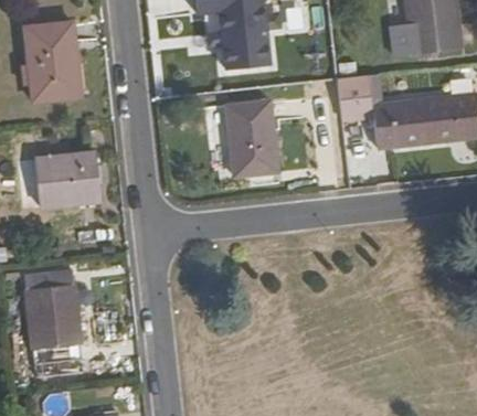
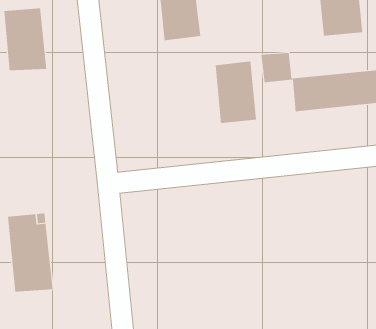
building: [223,103,274,179] -> [215,61,257,124]
building: [33,156,96,205] -> none

